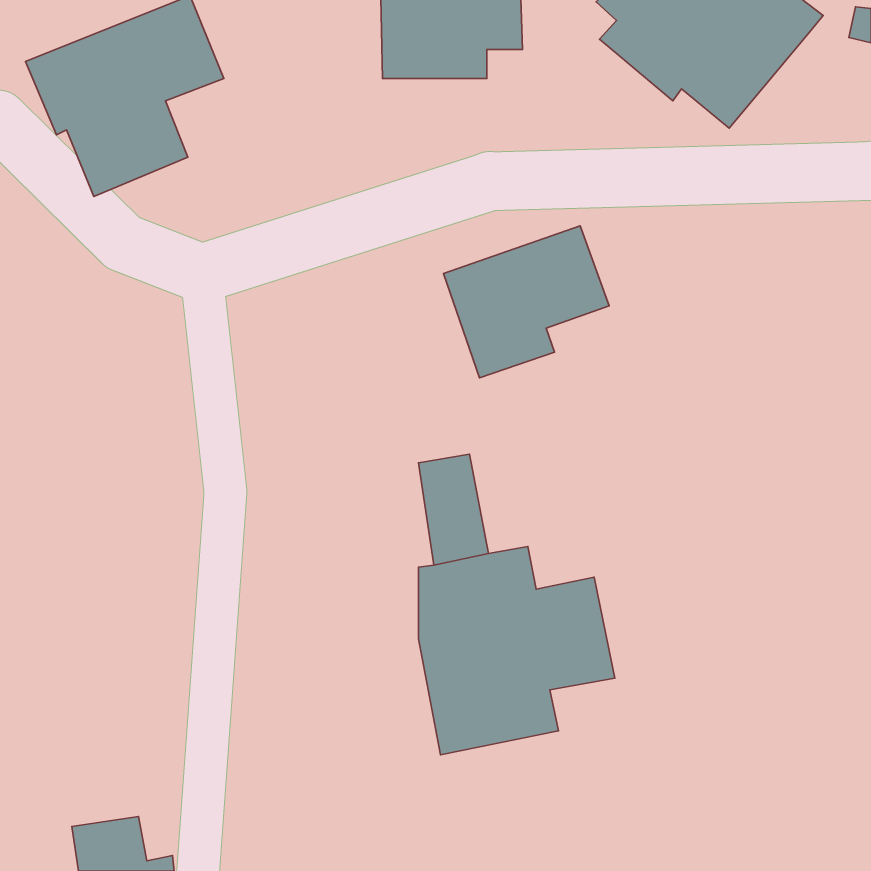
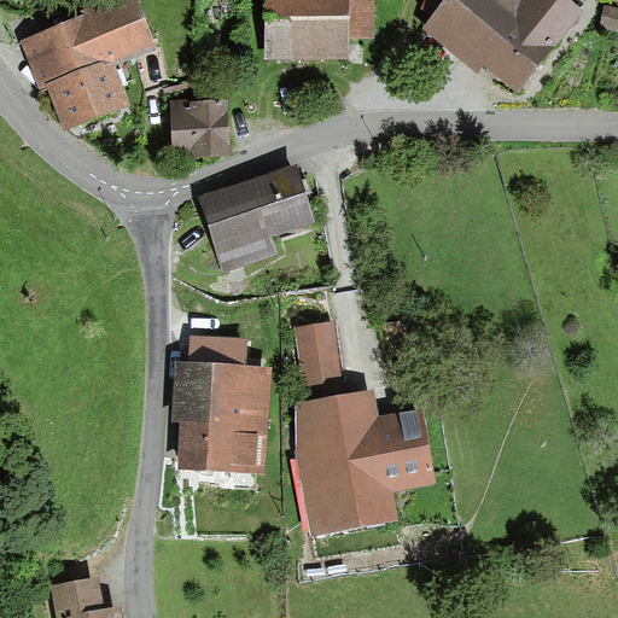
building: none -> [174,110,226,156]
building: [444,226,609,378] -> [197,163,314,270]
building: none -> [170,337,269,479]

